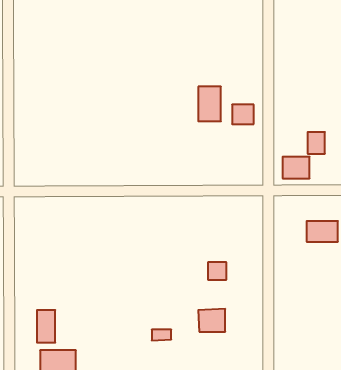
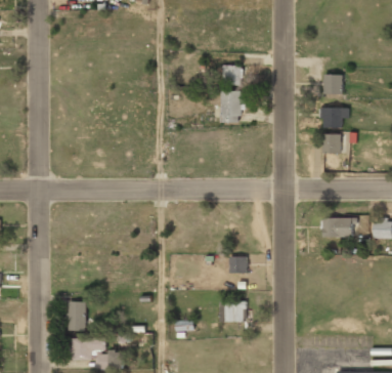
building: none -> [323,75,343,95]
building: [232,105,254,124] -> [222,67,243,85]
building: [283,157,310,178] -> [320,108,346,128]

